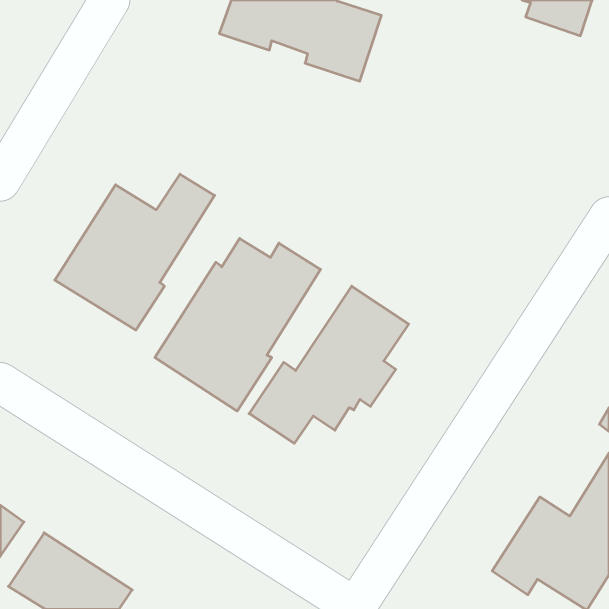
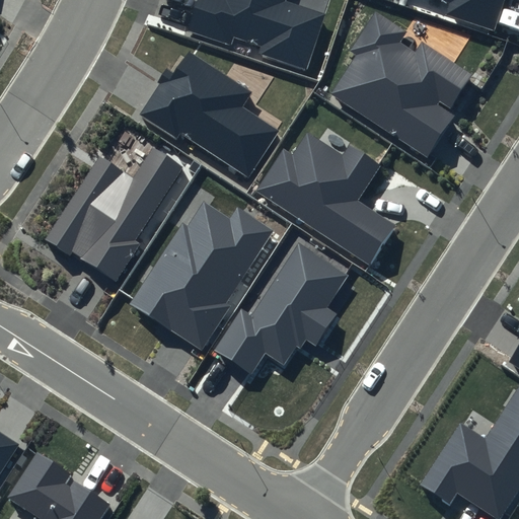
building: none -> [333,11,471,157]
building: none -> [140,51,280,177]
building: none -> [255,132,396,267]

